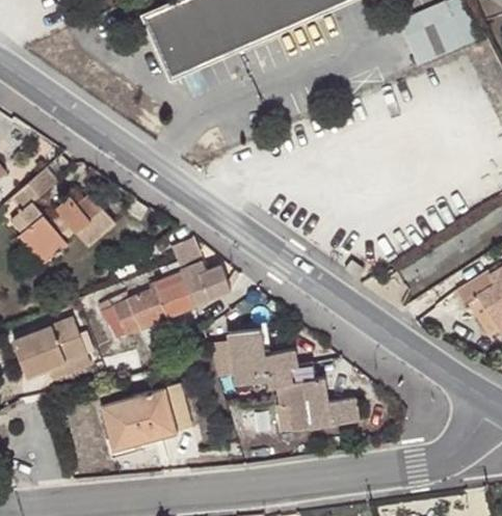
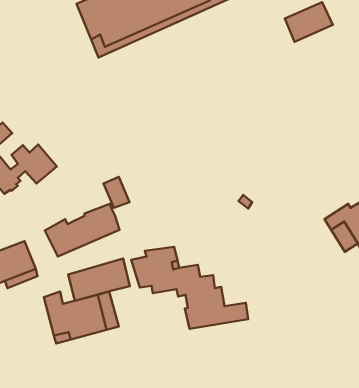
building: [184,264,231,304] -> none
building: none -> [68,259,130,301]

